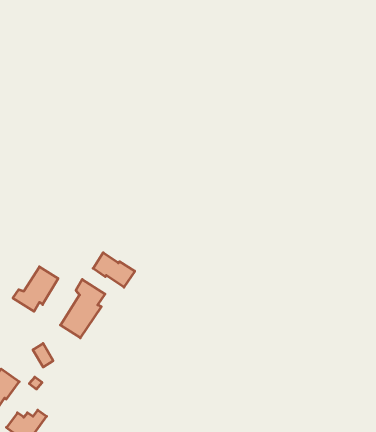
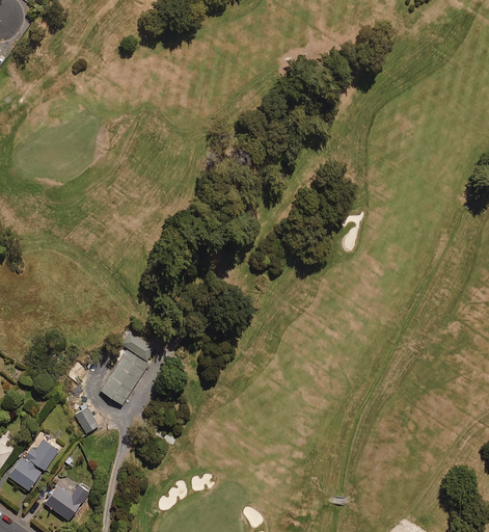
building: [93,253,135,287] -> none
building: [13,267,58,311] -> none

